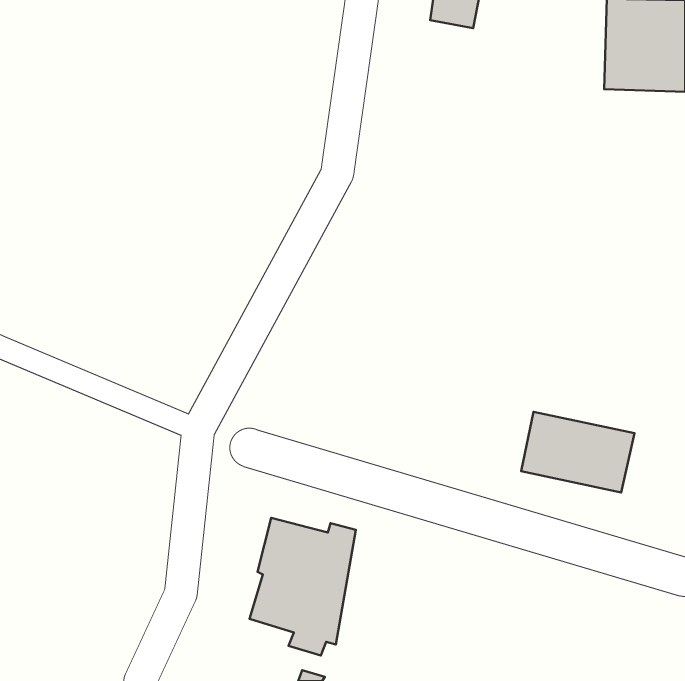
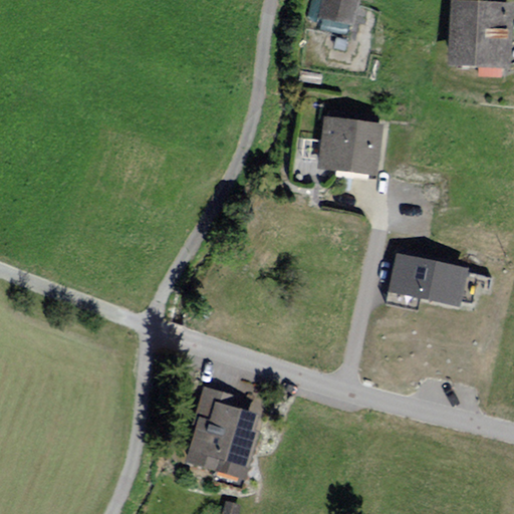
building: none -> [318,115,383,174]
building: [521,412,634,493] -> [387,251,471,311]

